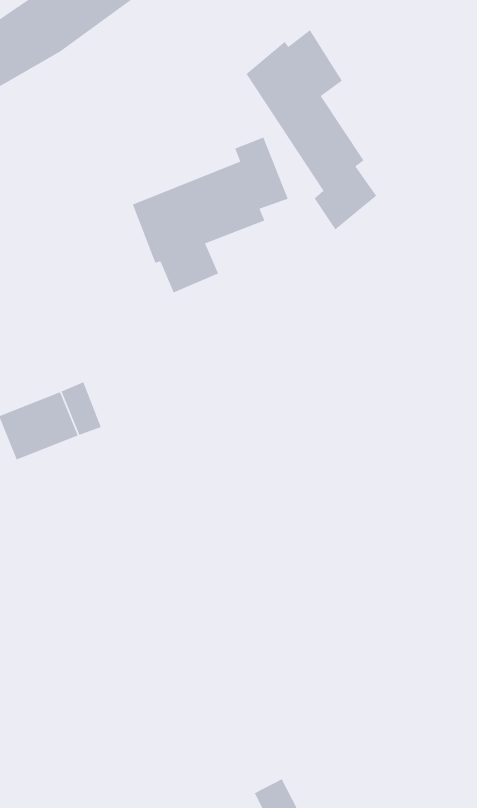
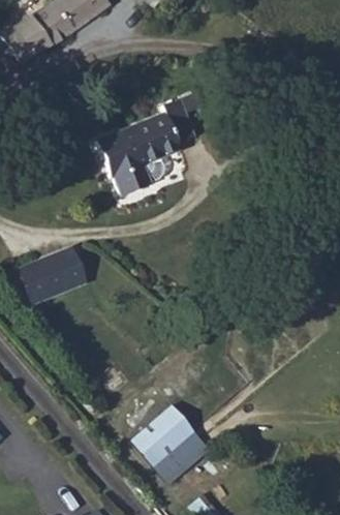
building: [246,29,377,231] -> none
building: none -> [126,406,208,487]

